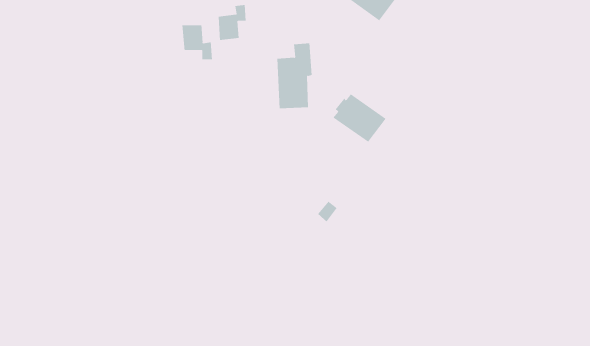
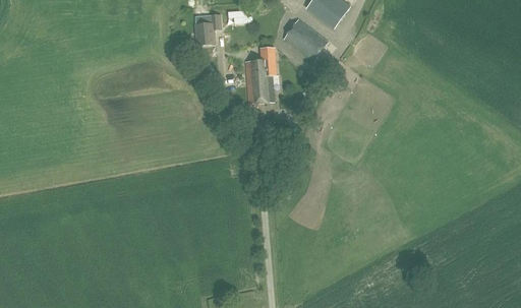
building: [182,24,213,60] -> none
building: [333,94,386,143] -> [283,18,329,60]

